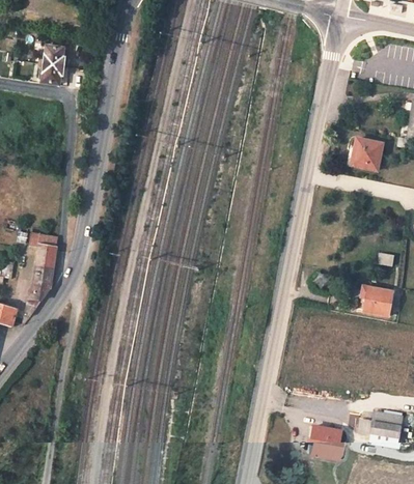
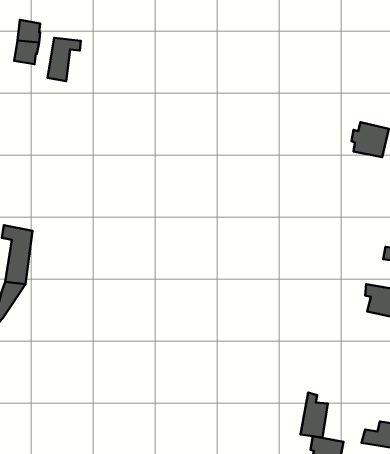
building: none -> [47,38,81,81]
building: none -> [300,393,328,437]

